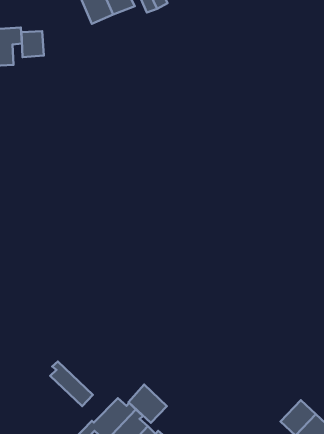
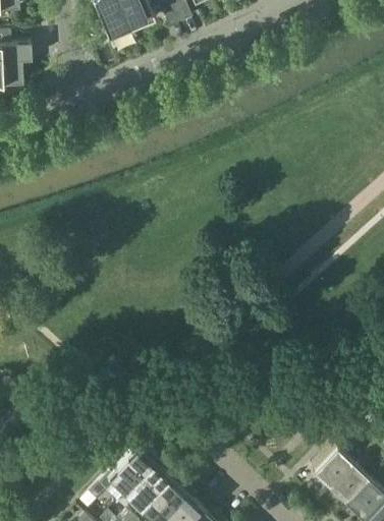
building: [22,31,44,57] -> none
building: [50,361,93,406] -> none
building: [128,384,167,423] -> none

